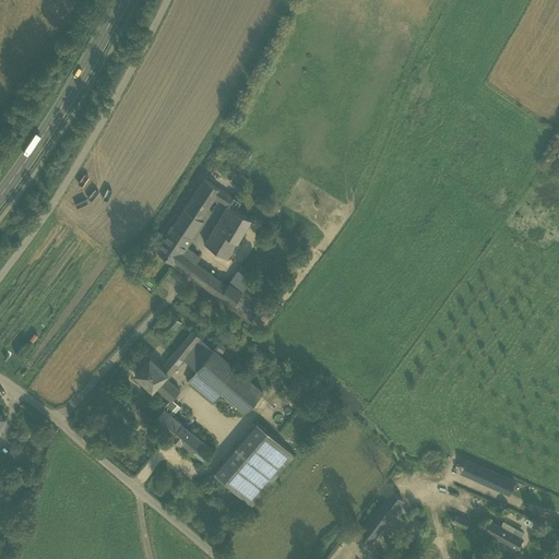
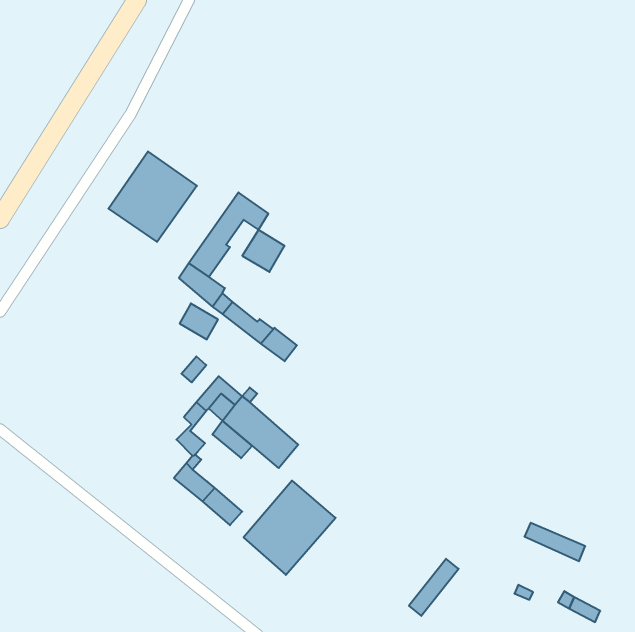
building: none -> [108,151,197,242]
building: [203,227,237,259] -> [180,303,218,339]
building: [134,359,168,392] -> none

